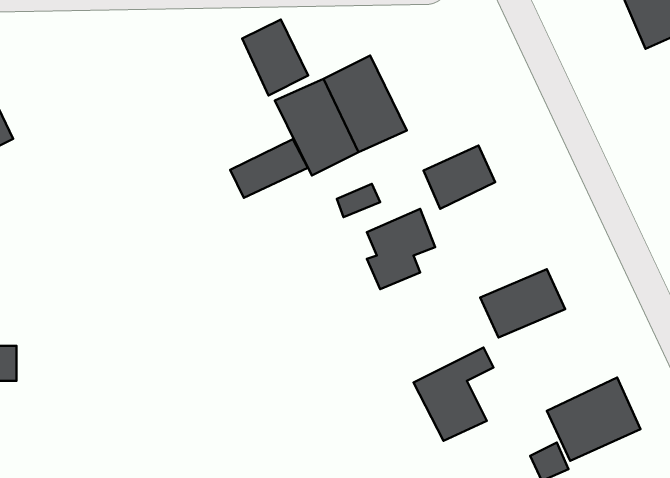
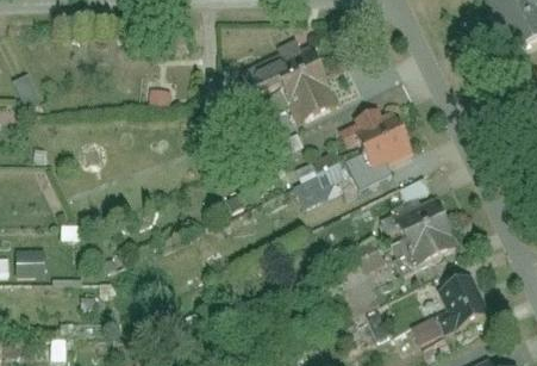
building: [242,20,308,96] -> none
building: [230,139,308,198] -> none
building: none -> [352,134,404,179]
building: none -> [394,224,454,273]

